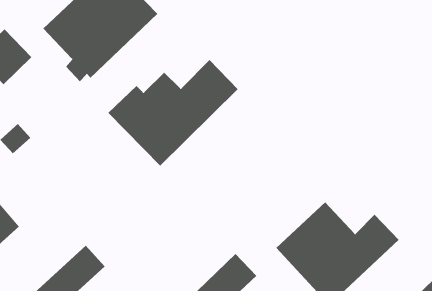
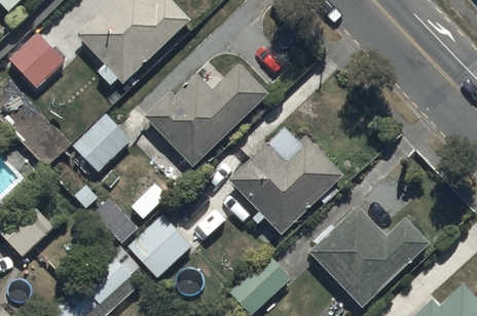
building: none -> [73,114,131,171]
building: none -> [227,137,344,236]
building: none -> [123,211,192,280]

